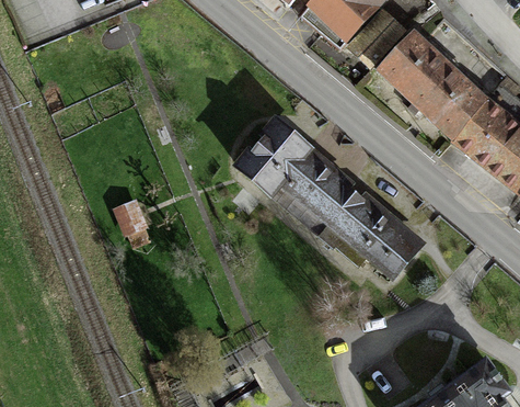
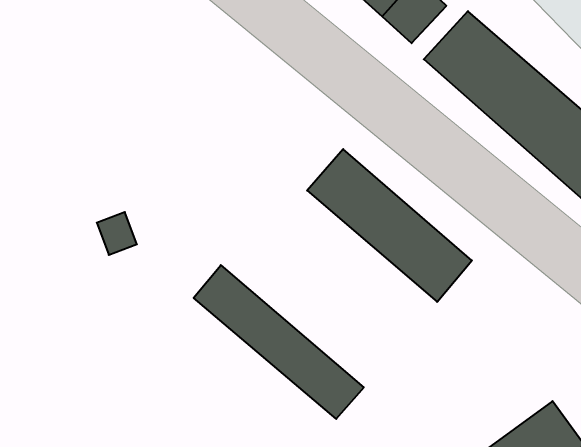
building: [239,122,313,199] -> none
building: none -> [194,265,364,419]

